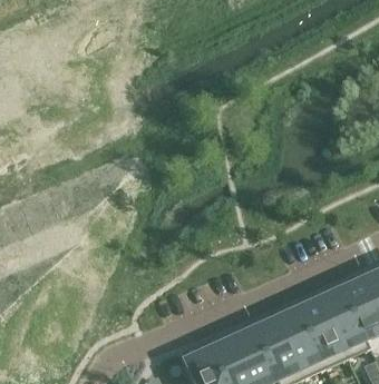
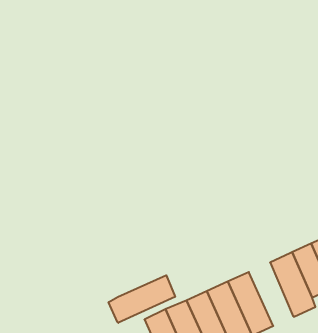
building: [297,297,343,364] -> none
building: none -> [109,275,175,323]

